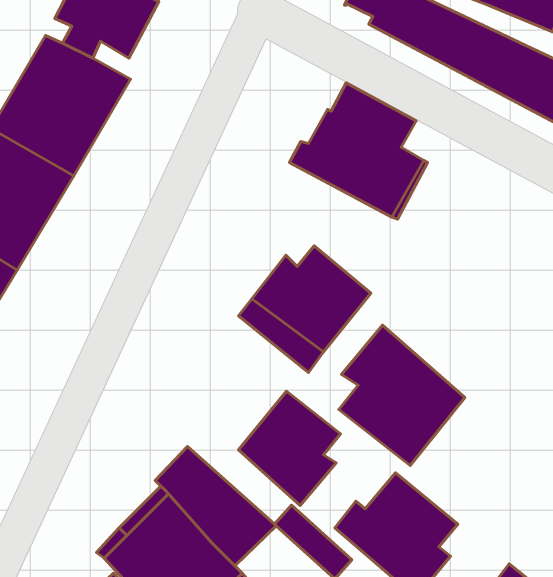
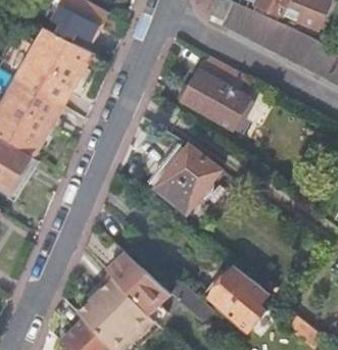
building: [339,325,465,465] -> none
building: [238,391,340,505] -> none

